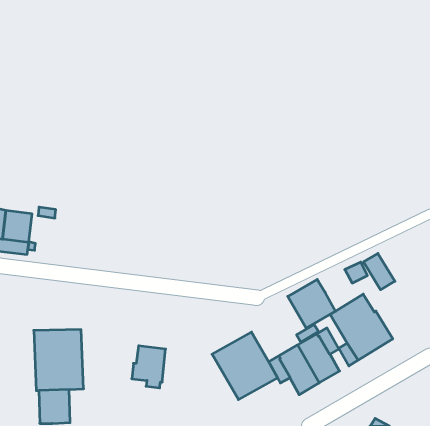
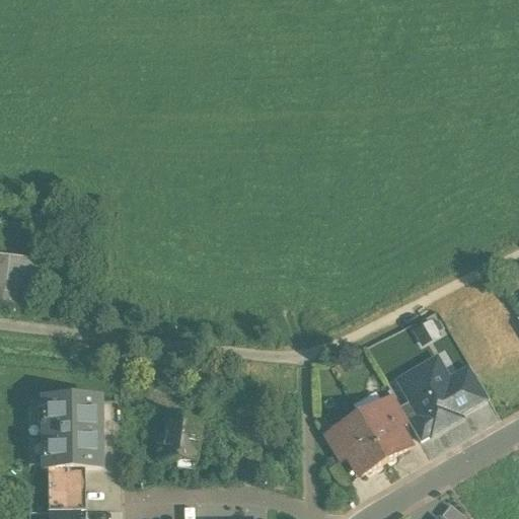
building: [364,253,395,290] -> [451,363,489,406]
building: [288,279,336,328] -> none
building: [212,332,277,400] -> none

